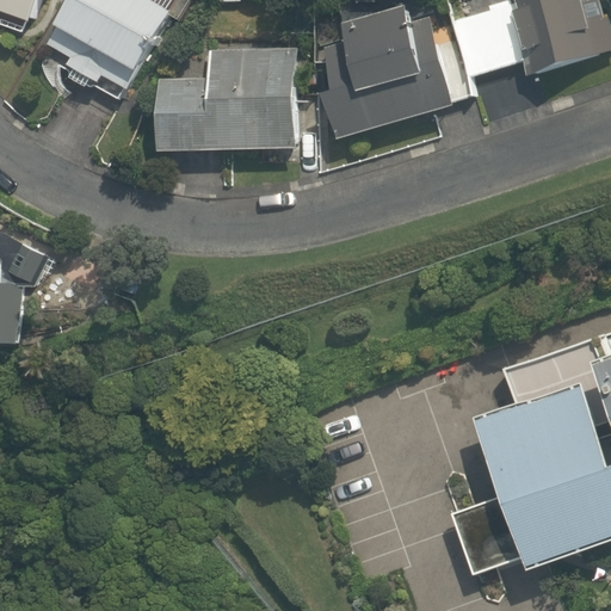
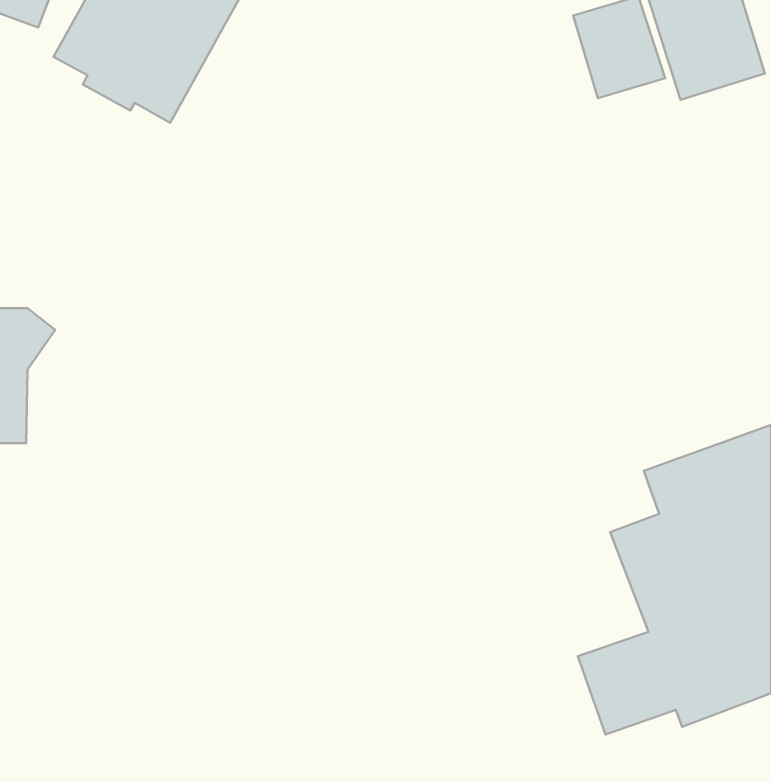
building: [323,6,453,136] -> none
building: [158,41,295,154] -> none

